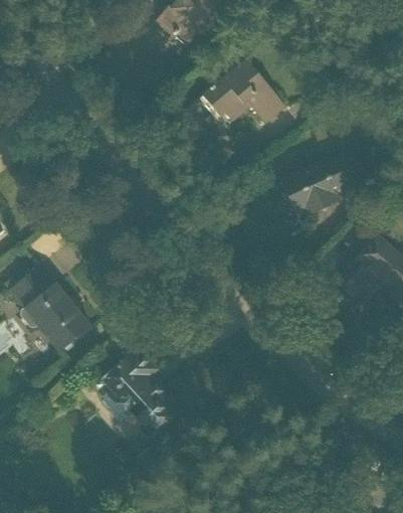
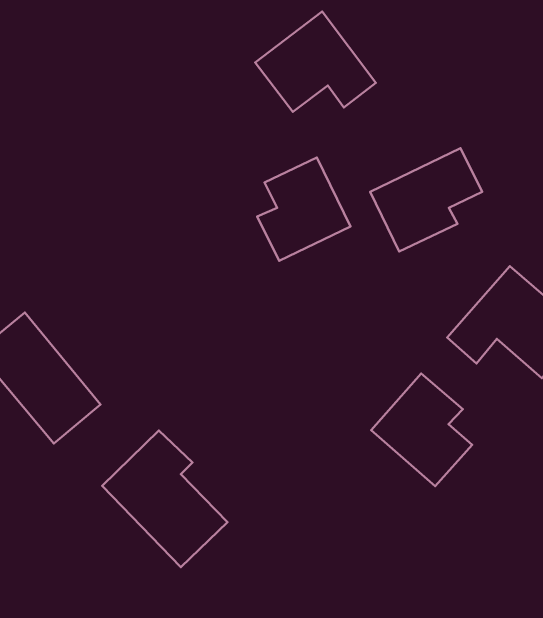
building: none -> [257,158,350,261]
building: none -> [371,374,472,486]

